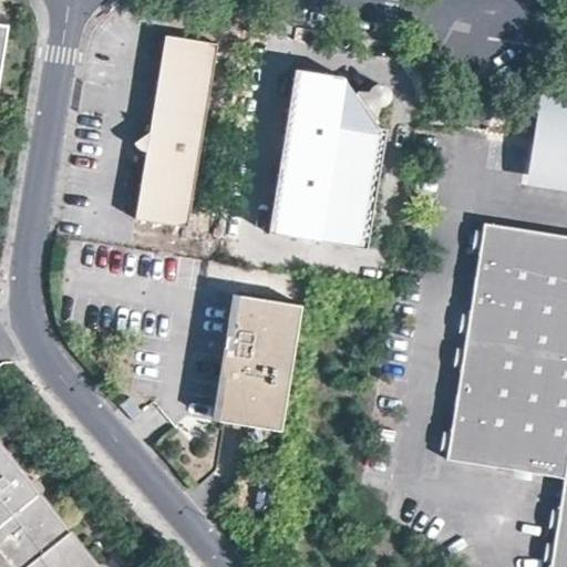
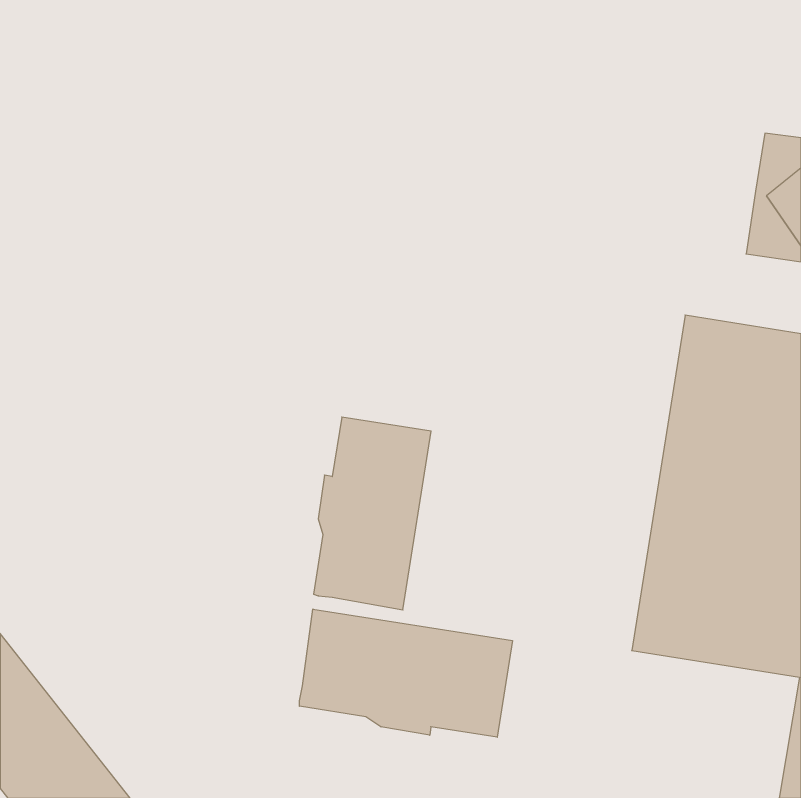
building: [135,35,219,226] -> none
building: [270,69,389,248] -> none
building: none -> [299,609,512,737]

